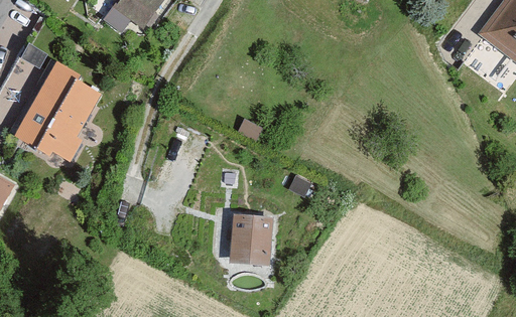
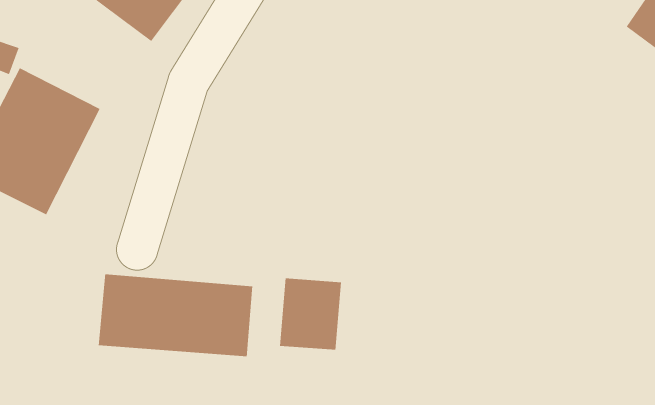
building: none -> [98,273,253,357]

